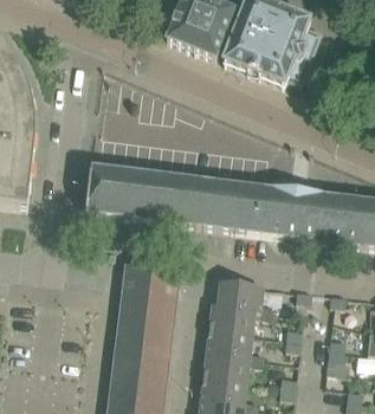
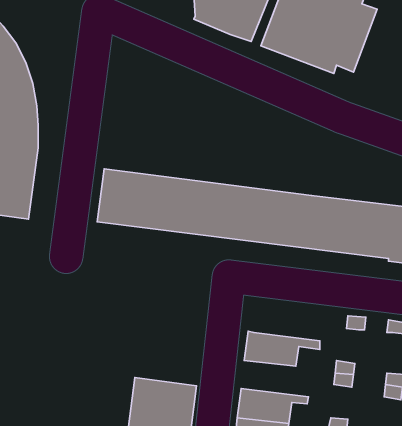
building: [116,261,177,348] -> none
building: [216,279,273,310] -> none
building: [206,326,264,357] -> none

